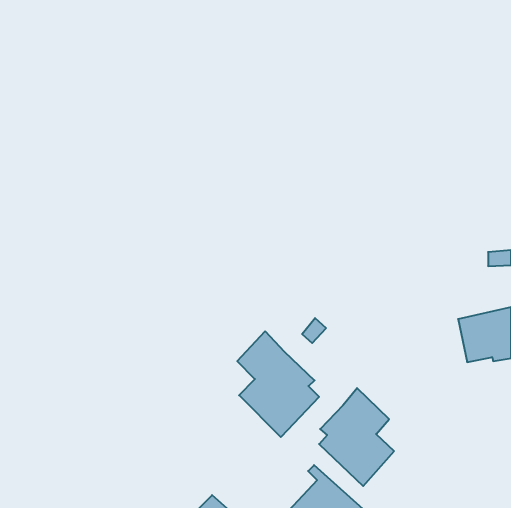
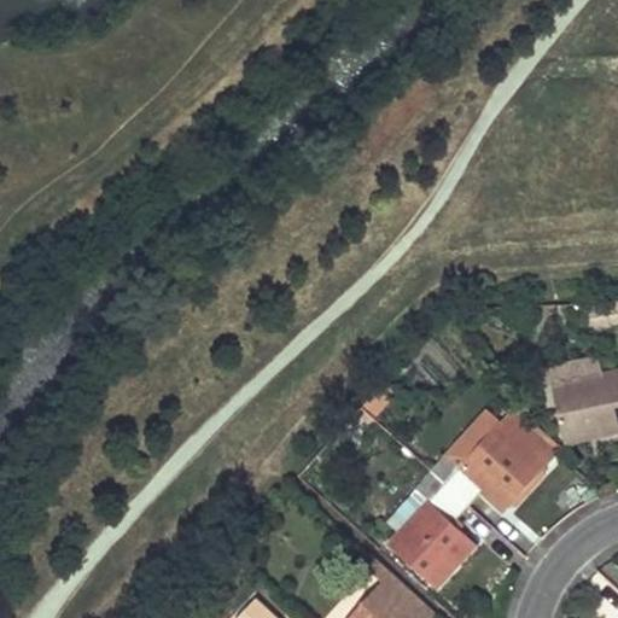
building: [237,331,319,437] -> none
building: none -> [431,412,555,509]

